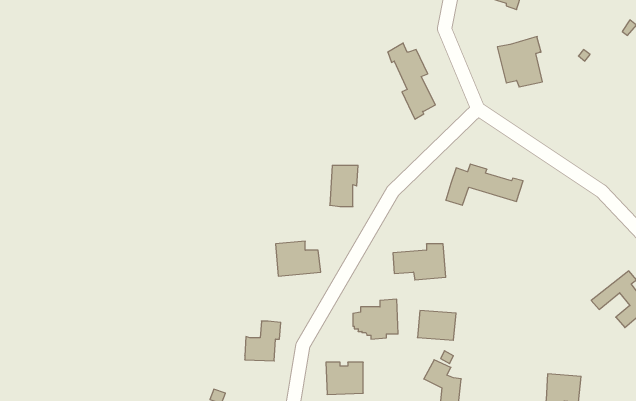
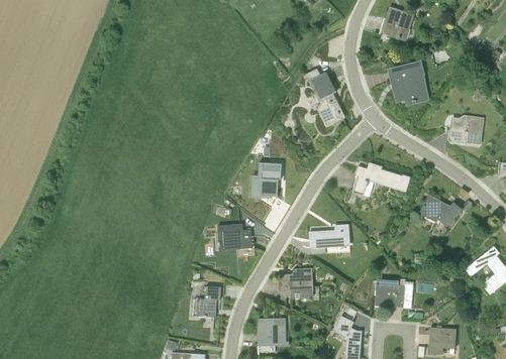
building: none -> [449,115,484,140]
building: none -> [421,196,462,226]
building: [417,311,456,340] -> [375,284,405,308]

